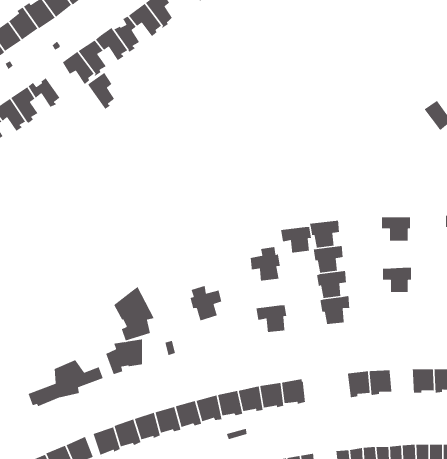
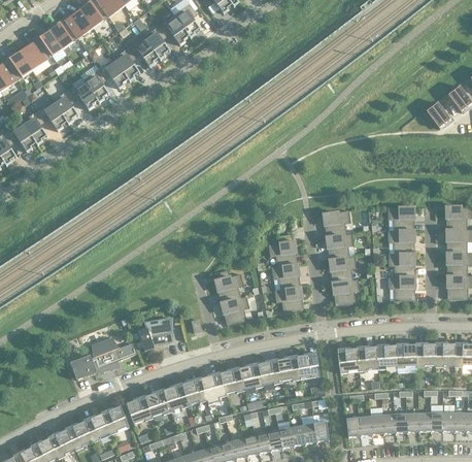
building: [87,72,116,111] -> [82,68,108,103]
building: [280,226,312,254] -> [270,264,299,289]
building: none -> [387,230,414,254]
building: [113,286,155,341] -> none
building: none -> [387,276,414,300]
building: none -> [220,296,248,325]
building: none -> [395,343,415,368]
building: none -> [336,348,359,373]

